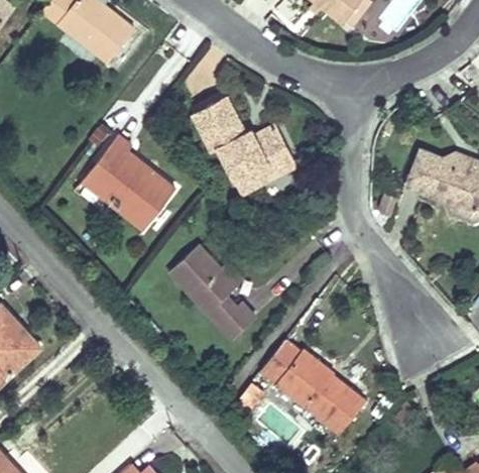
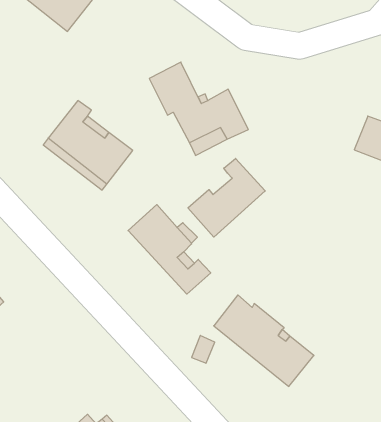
building: none -> [188,158,265,237]

